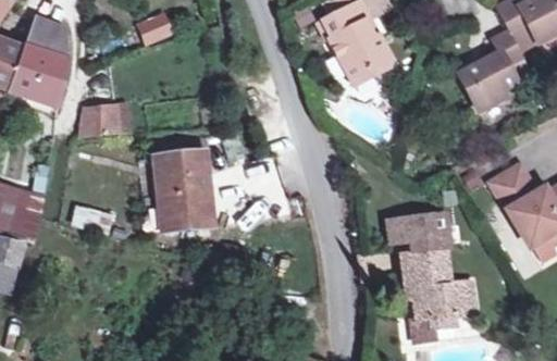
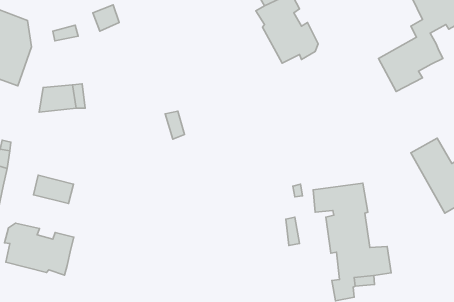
building: [154,154,210,232] -> none
building: none -> [5,223,74,275]

